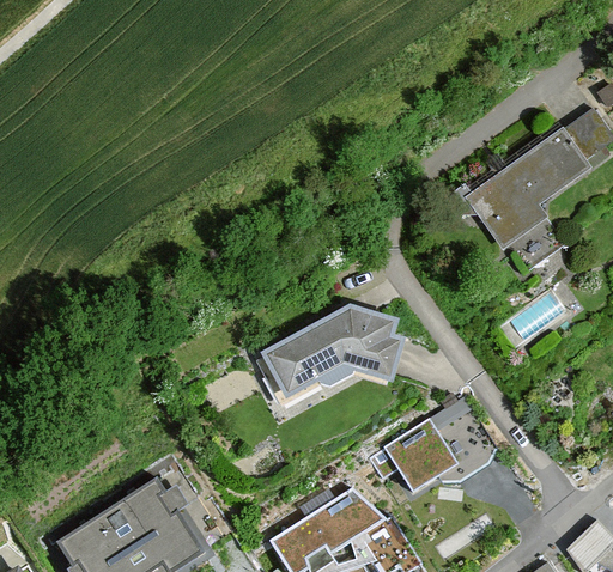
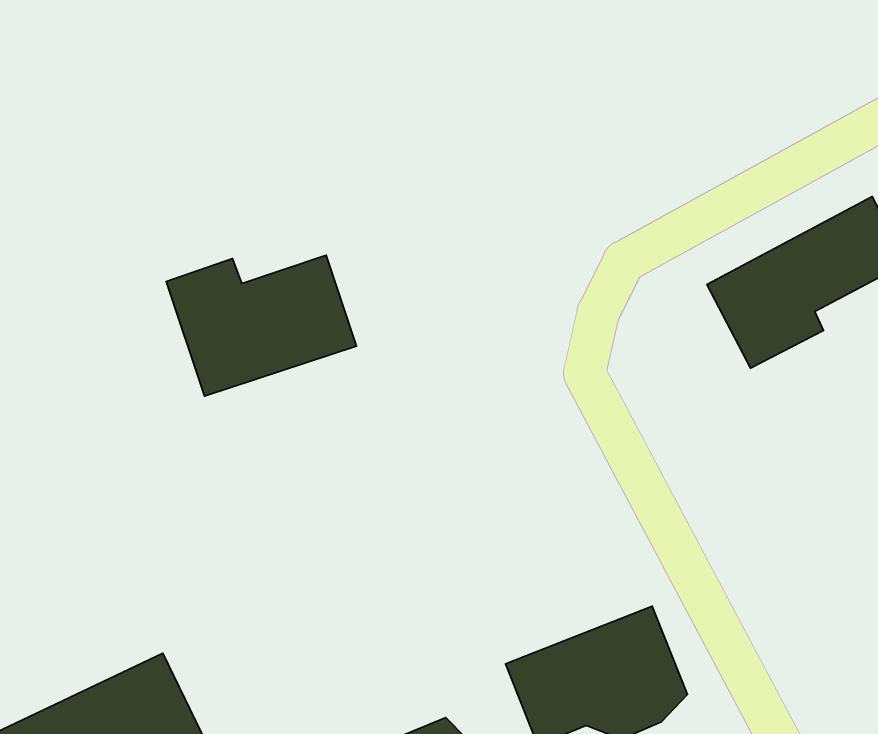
building: none -> [166,255,357,396]
building: [250,300,390,406] -> none

